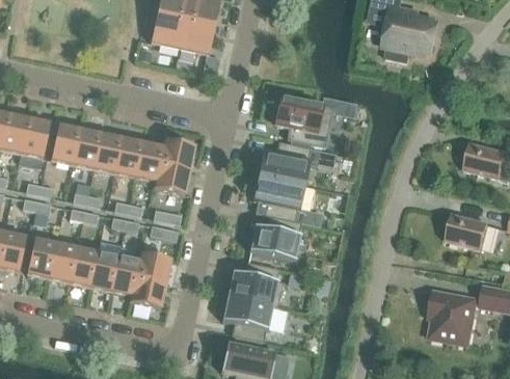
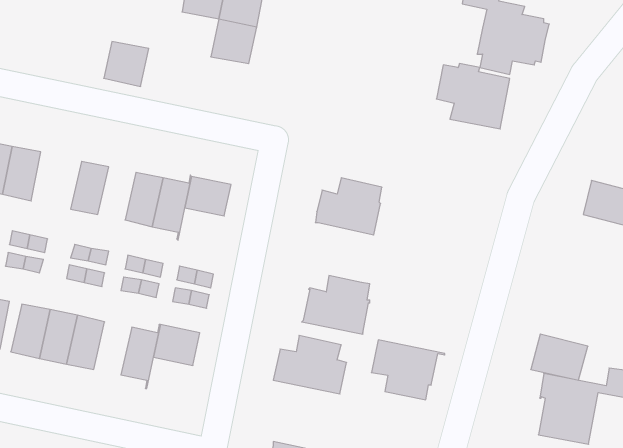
building: [151,13,185,48] -> [104,42,149,86]
building: [276,96,332,145] -> [436,64,510,129]
building: [51,123,80,164] -> none
building: [92,132,122,172] -> none
building: [154,163,189,194] -> none
building: [253,174,303,220] -> none
building: [445,213,488,248] -> [531,334,588,380]
building: [89,250,118,291] -> none
building: [130,277,165,307] -> none
building: [221,295,277,341] -> [371,340,445,400]

